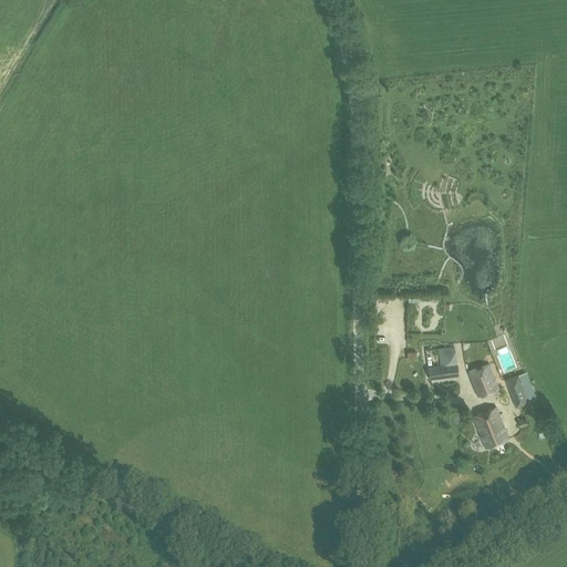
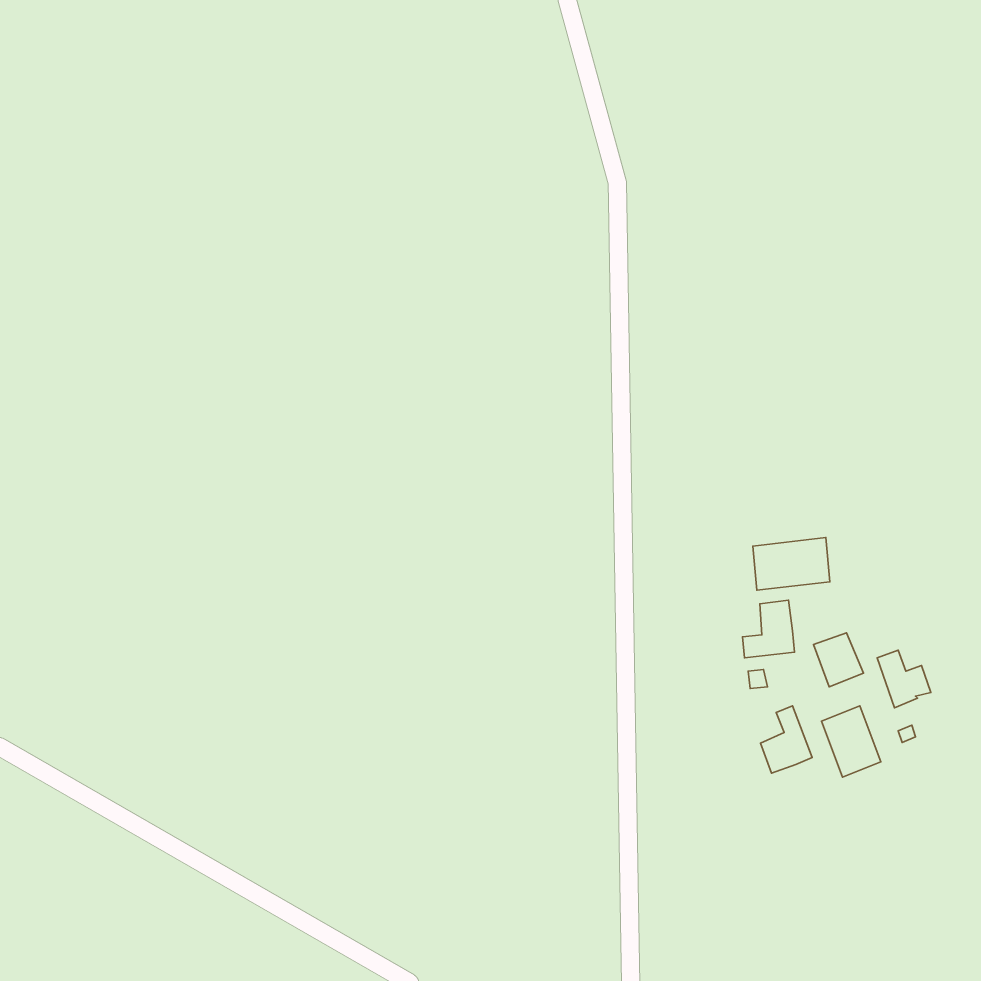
building: none -> [753,538,830,590]
building: none -> [761,706,812,773]

